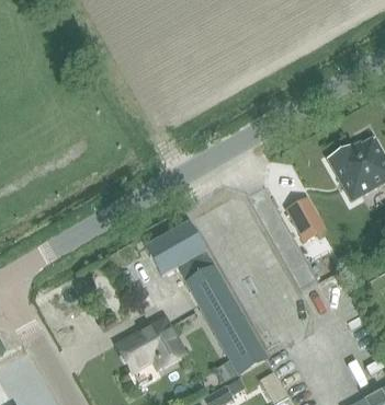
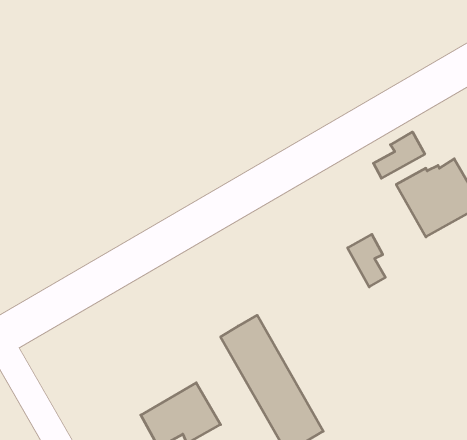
building: none -> [373,132,425,178]
building: [145,220,206,276] -> none

